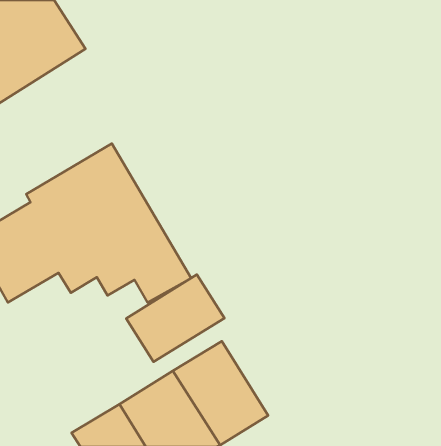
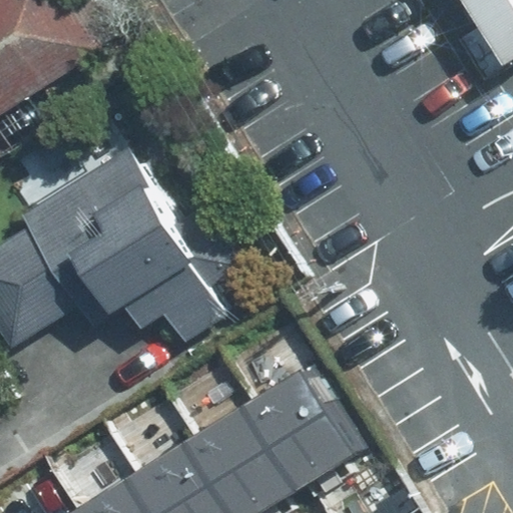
building: [126,275,225,362] -> none
building: none -> [254,353,371,477]

